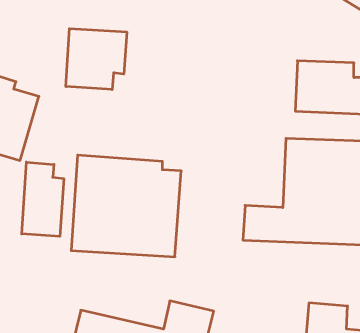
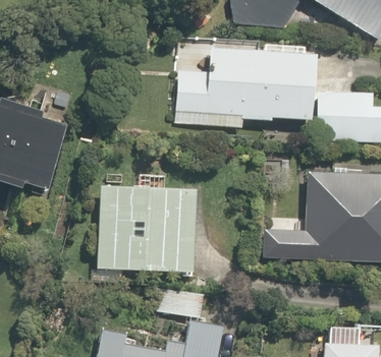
building: none -> [174,47,313,125]
building: [66,29,127,90] -> none
building: [22,162,64,236] -> none

